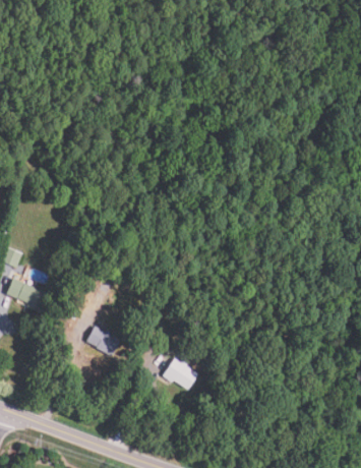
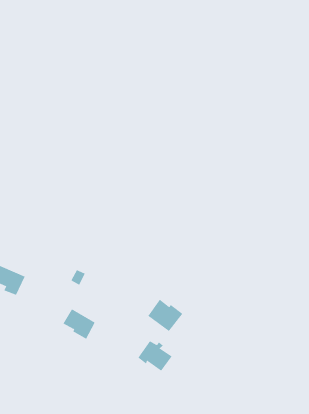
building: none -> [147,299,183,332]

